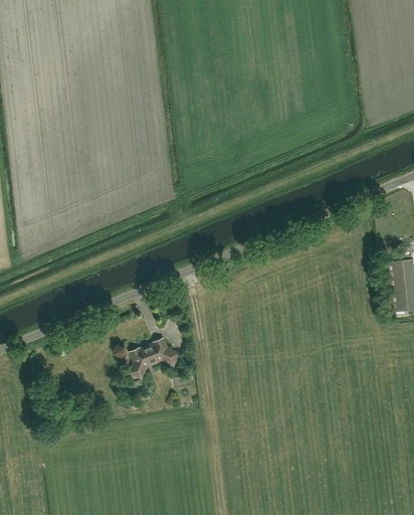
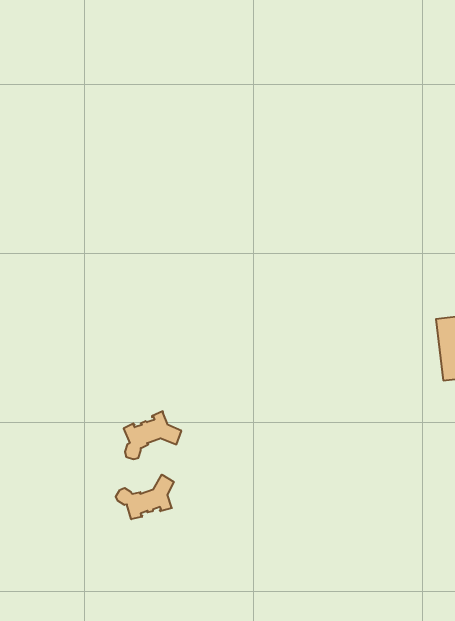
building: none -> [116,475,174,519]

